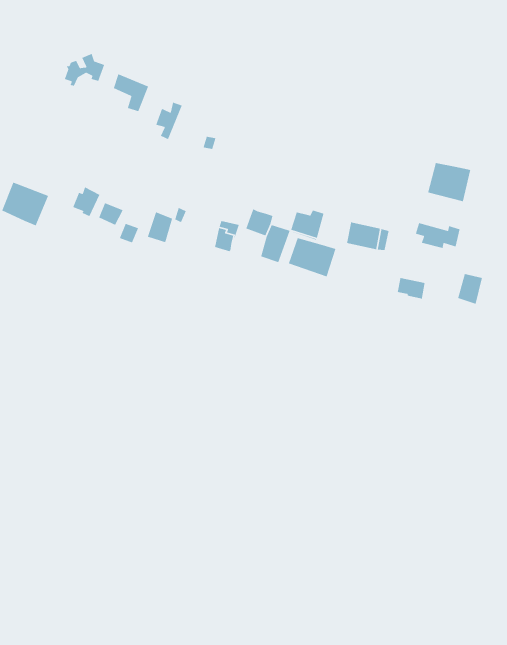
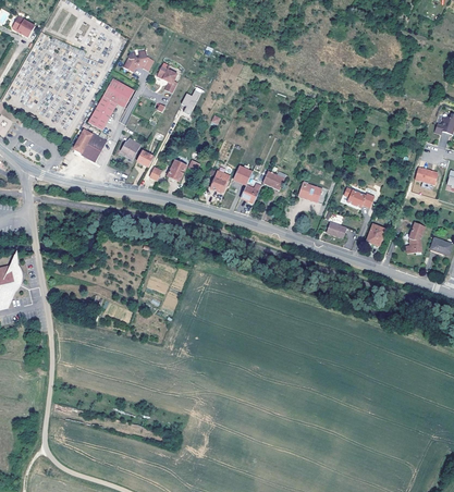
building: none -> [87,77,134,131]
building: [427,162,471,202] -> none
building: [288,237,337,277] -> none

